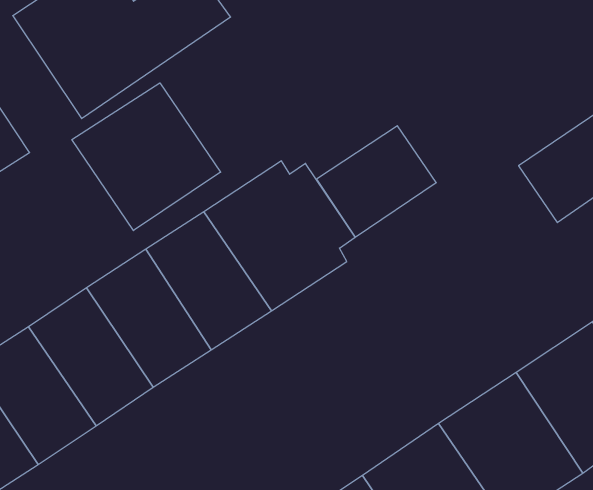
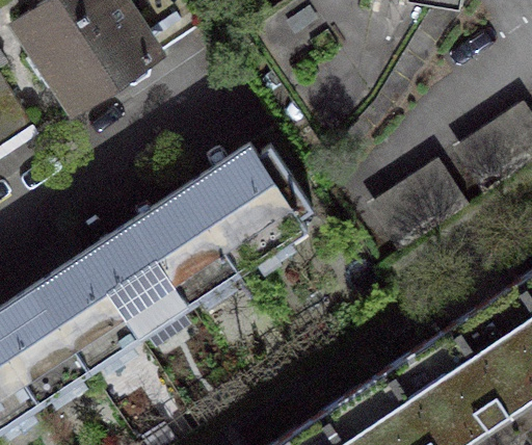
building: [72,83,221,231] -> none
building: [316,126,436,237] -> [365,164,468,260]

